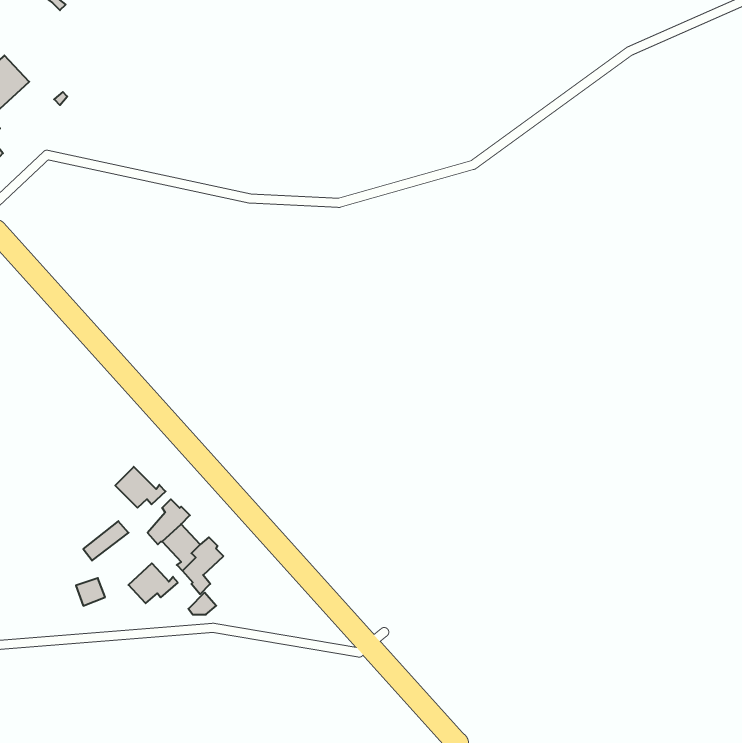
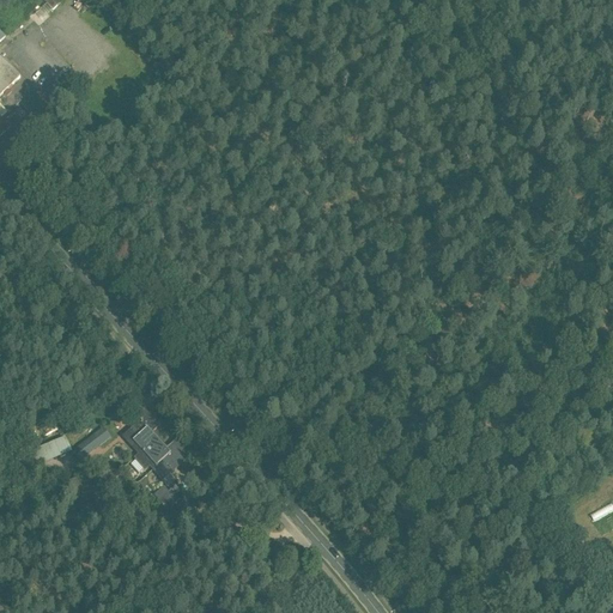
building: [115,467,166,508] -> none
building: [128,563,178,603] -> none

